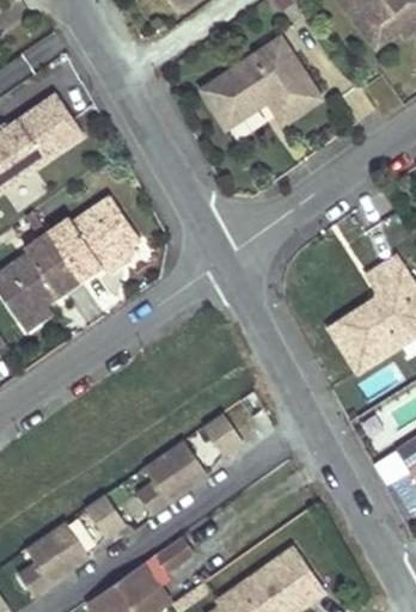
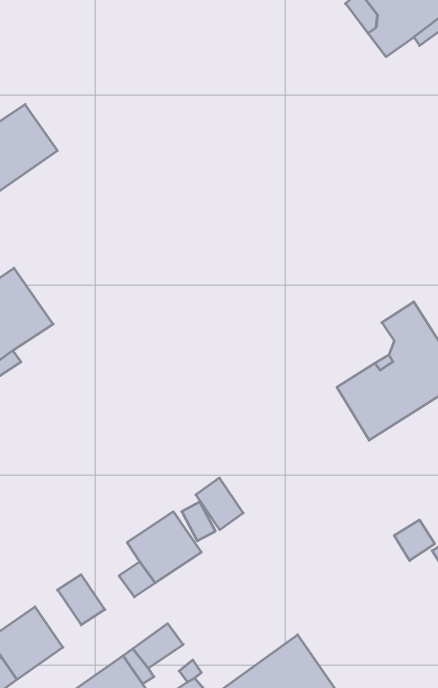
building: [203,37,320,126] -> none
building: [48,194,141,279] -> none

